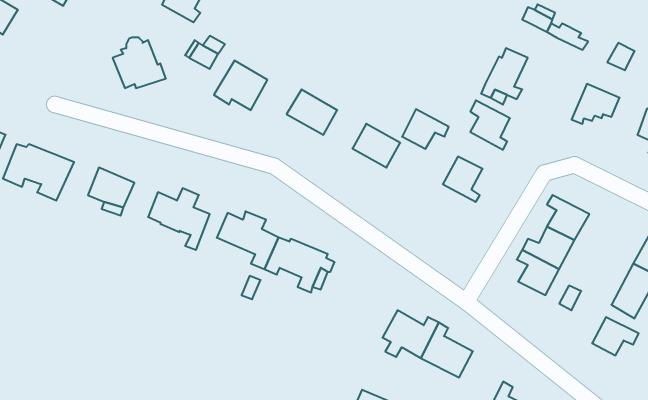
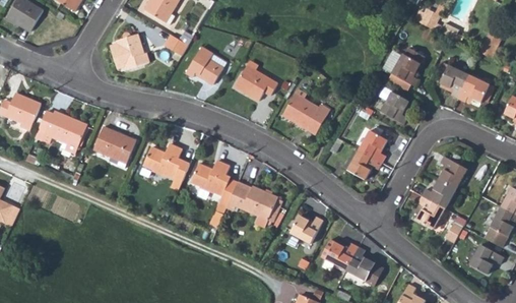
building: none -> [434,57,466,94]
building: [402,109,449,149] -> [349,141,384,171]
building: none -> [292,215,323,242]

